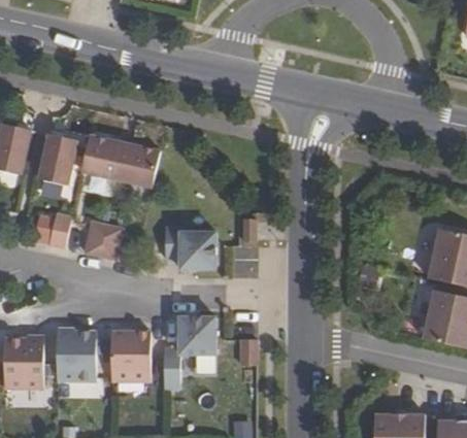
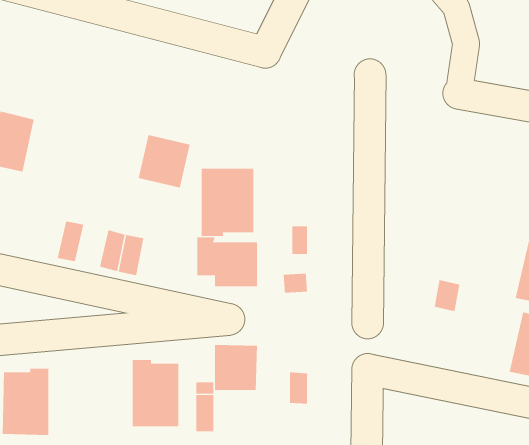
building: [38,133,76,184] -> none
building: [80,134,124,178] -> none
building: none -> [201,168,254,237]
building: [56,328,95,383] -> none

